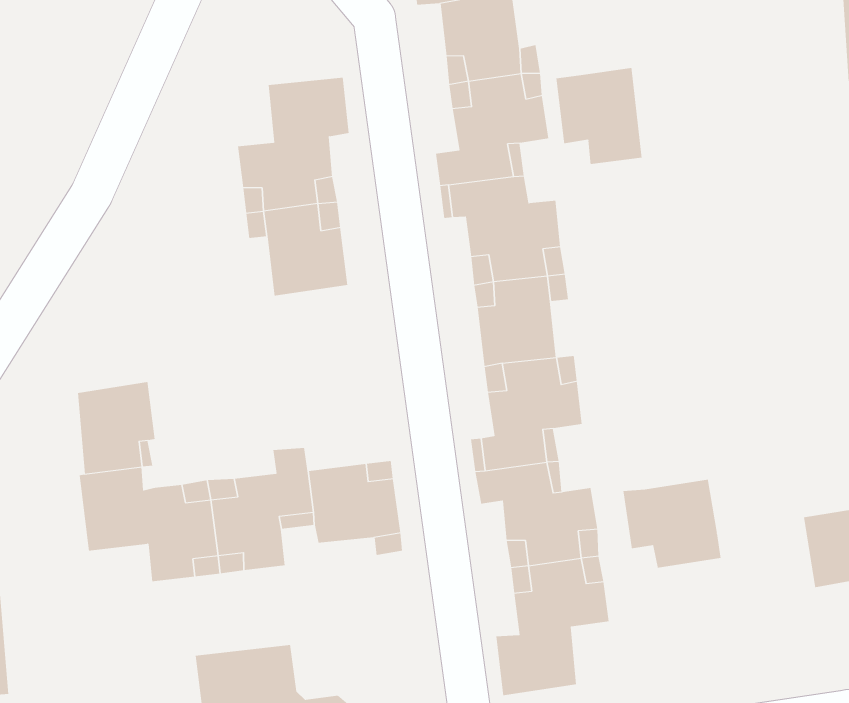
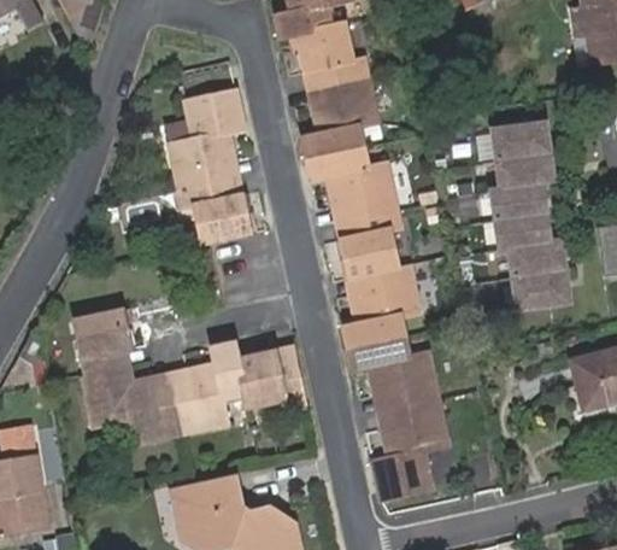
building: [556,67,642,165] -> none
building: none -> [492,124,569,309]
building: [623,479,721,568] -> none

